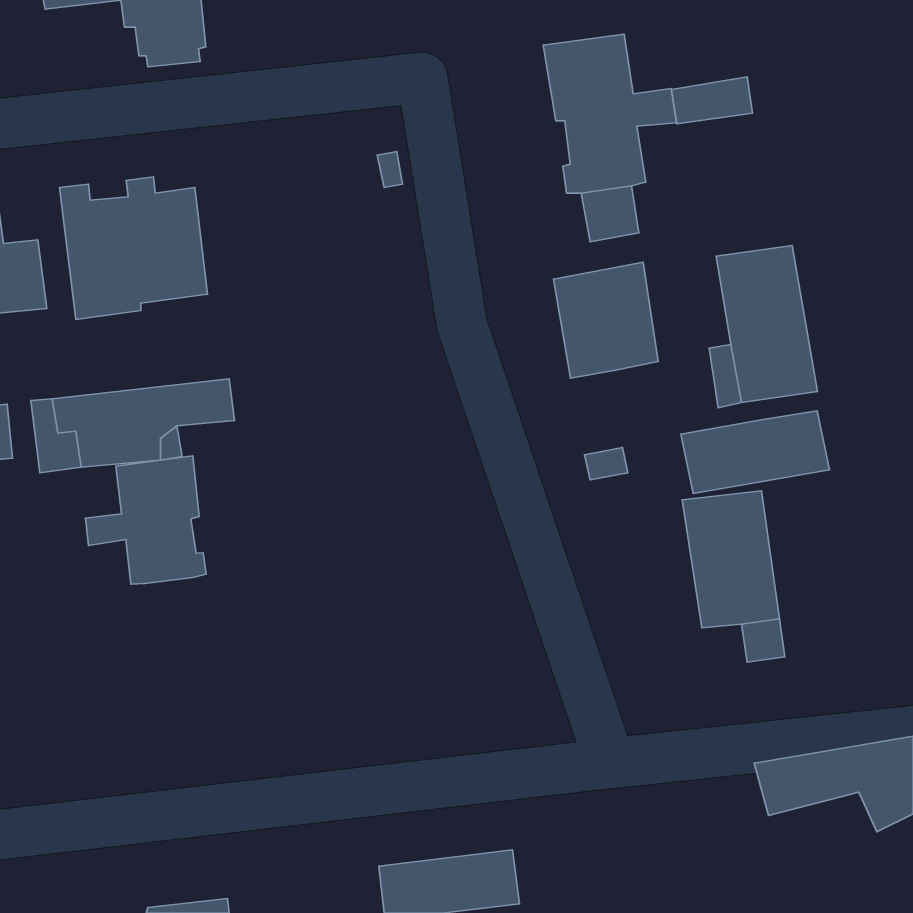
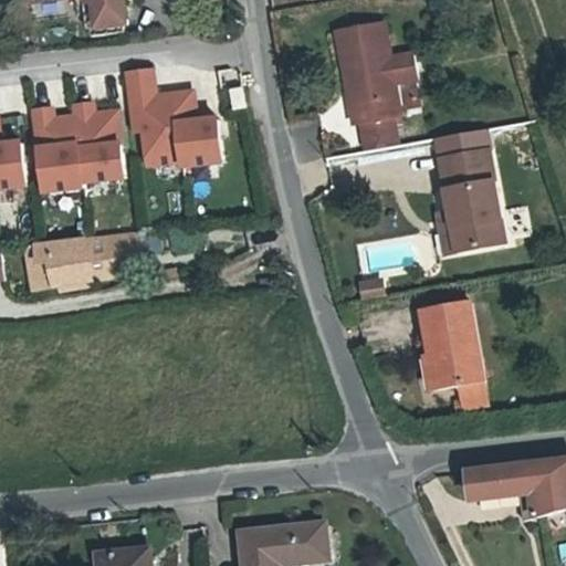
building: [671,77,753,124] -> [436,128,485,157]
building: none -> [130,74,226,169]
building: [554,262,658,378] -> none
building: [681,411,830,494] -> none
building: [85,456,206,584] -> none

